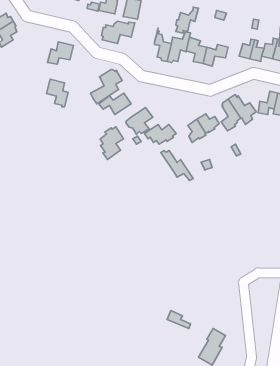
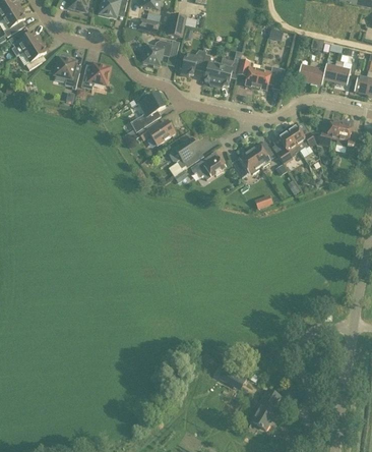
building: [176,7,198,33] -> [179,46,204,75]
building: [47,79,68,107] -> [54,56,78,88]
building: [100,127,123,159] -> none
building: [161,150,193,181] -> none

